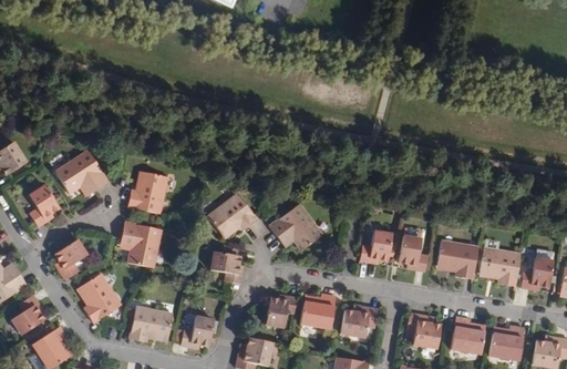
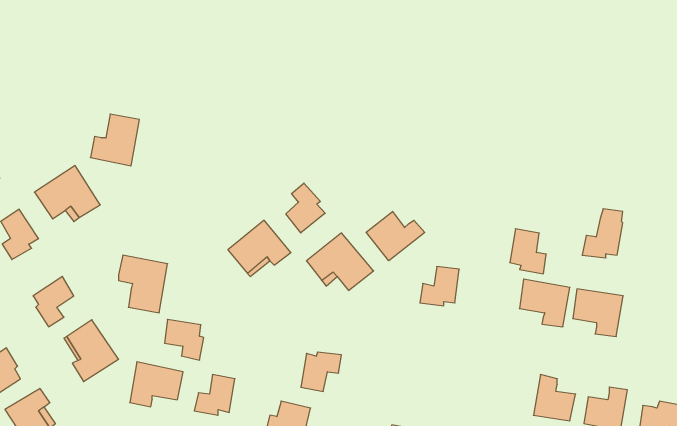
building: none -> [286,183,325,233]
building: [130,172,168,213] -> [90,114,139,166]
building: none -> [366,211,425,261]
building: [400,235,429,270] -> [510,229,546,274]
building: [209,250,240,283] -> [165,319,204,360]
building: [522,250,554,289] -> [582,209,623,258]
building: [301,294,337,328] -> none
building: [342,307,380,338] -> none
building: [408,314,441,347] -> none

